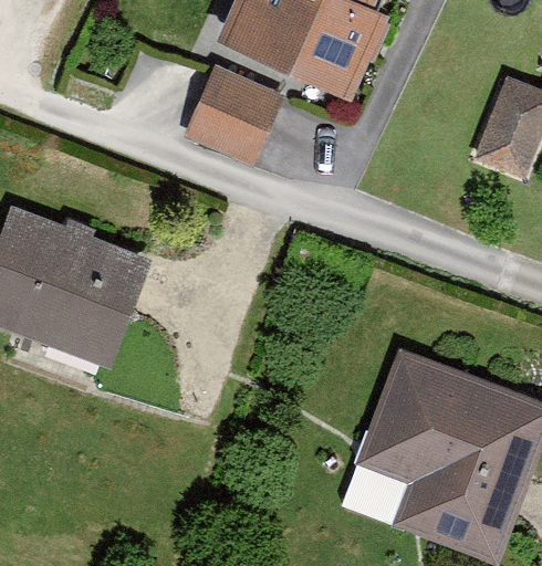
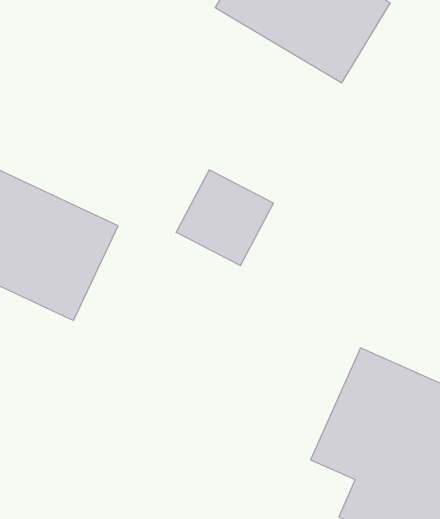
building: [187,69,280,159] -> [176,170,274,265]

